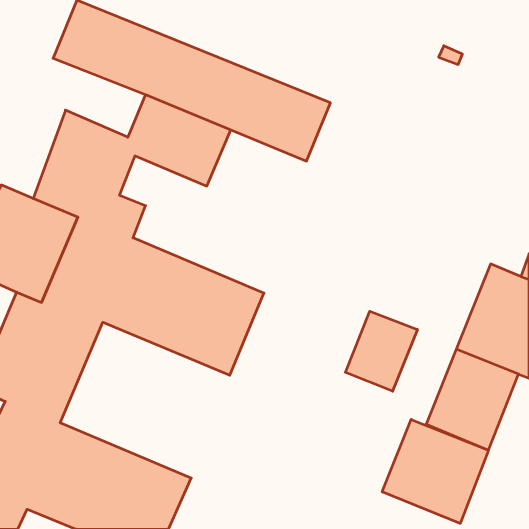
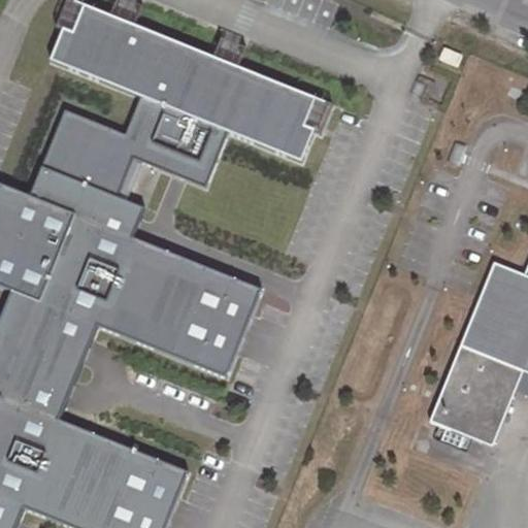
building: [345,311,417,391] -> none
building: [382,419,488,523] -> none

